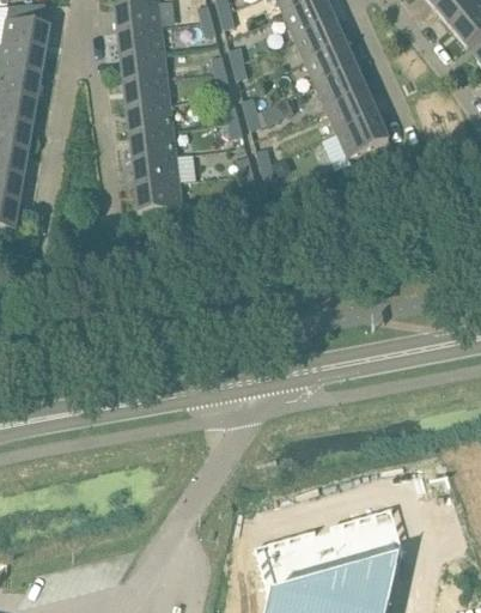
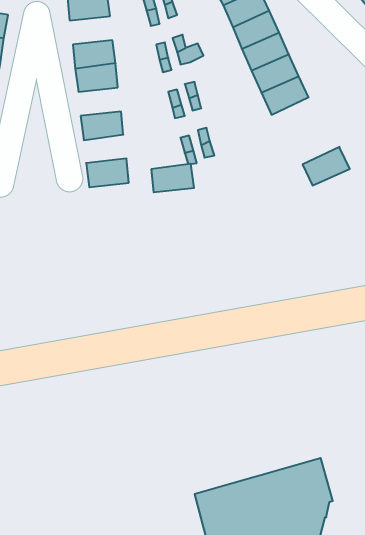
building: [116,26,163,57] -> none
building: [126,104,172,135] -> none
building: [336,115,388,157] -> [303,147,350,185]
building: [132,156,178,187] -> [151,164,194,192]

